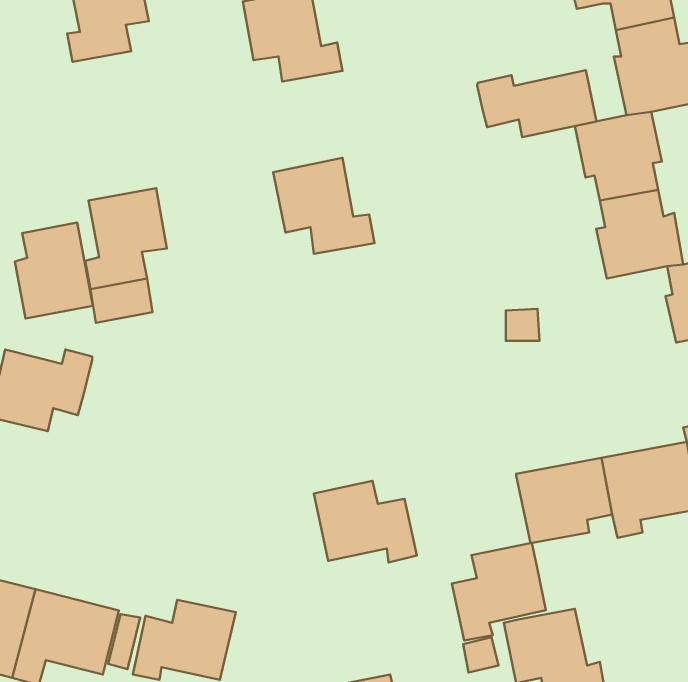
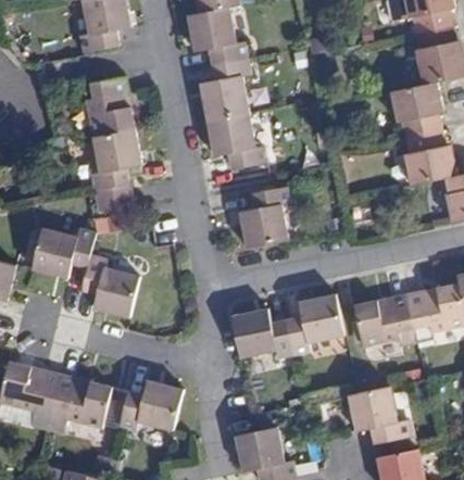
building: [477,70,596,137] -> none
building: none -> [199,56,251,118]
building: [15,222,93,318] -> [86,77,134,136]
building: none -> [238,186,288,247]
building: none -> [80,255,139,316]
building: [452,543,546,640] -> [286,293,343,353]

